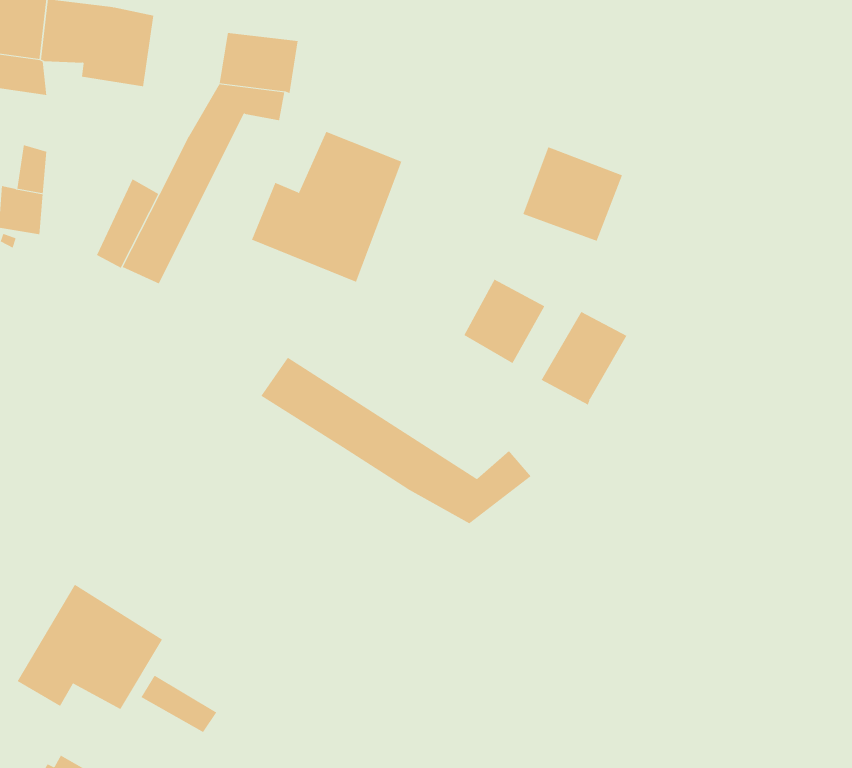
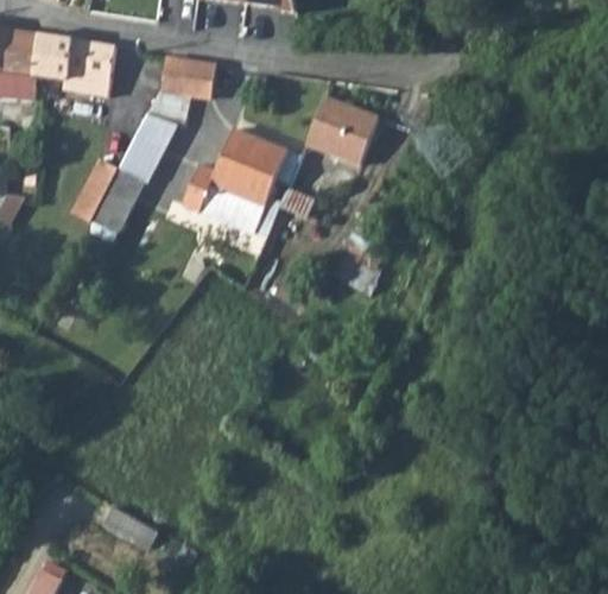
building: [522,146,623,242] -> [305,87,375,153]
building: [541,311,627,405] -> none
building: [260,357,531,524] -> none
building: [17,584,163,710] -> none

